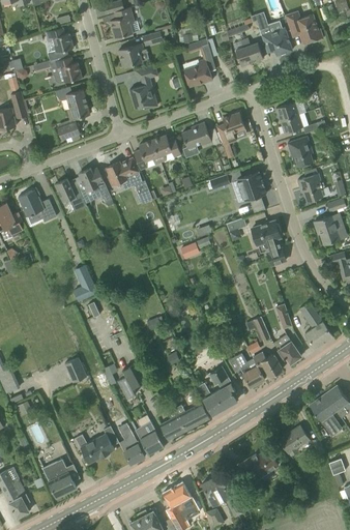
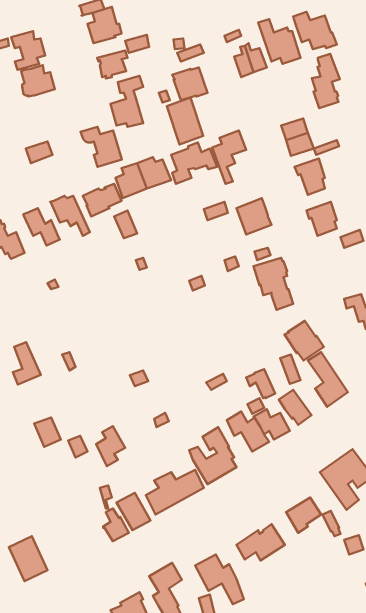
building: none -> [312,54,340,108]
building: none -> [167,98,203,145]
building: [55,86,90,120] -> [81,127,122,167]
building: [314,215,341,244] -> none
building: [74,264,97,300] -> [13,342,41,384]
building: none -> [284,321,324,361]
building: [76,425,119,463] -> none

